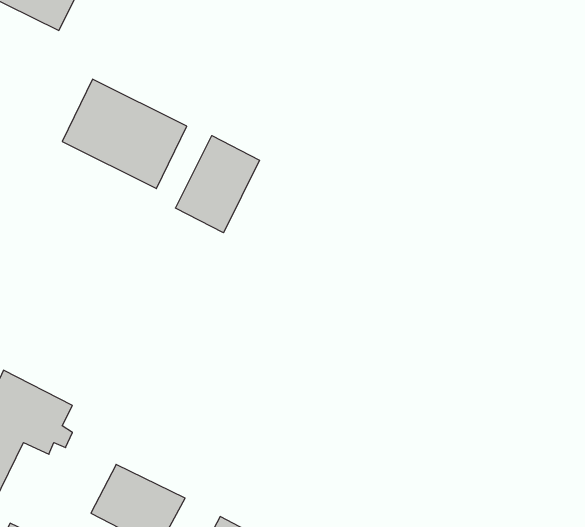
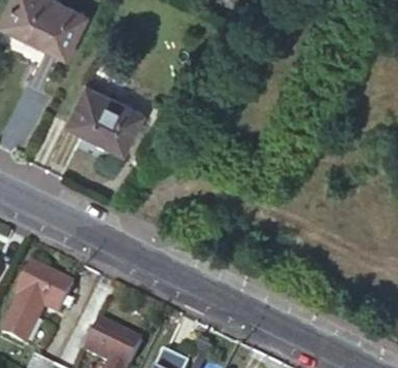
building: [175,136,260,233] -> none

